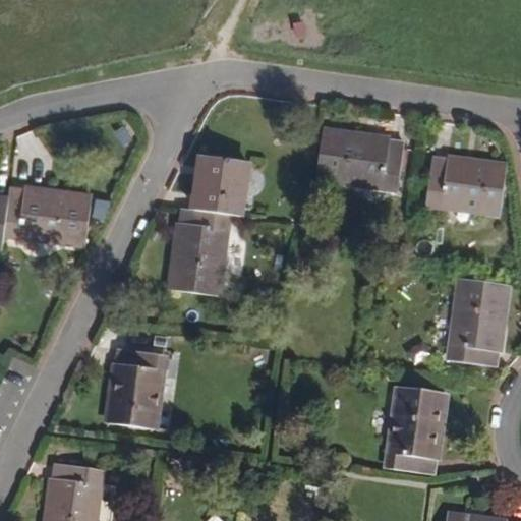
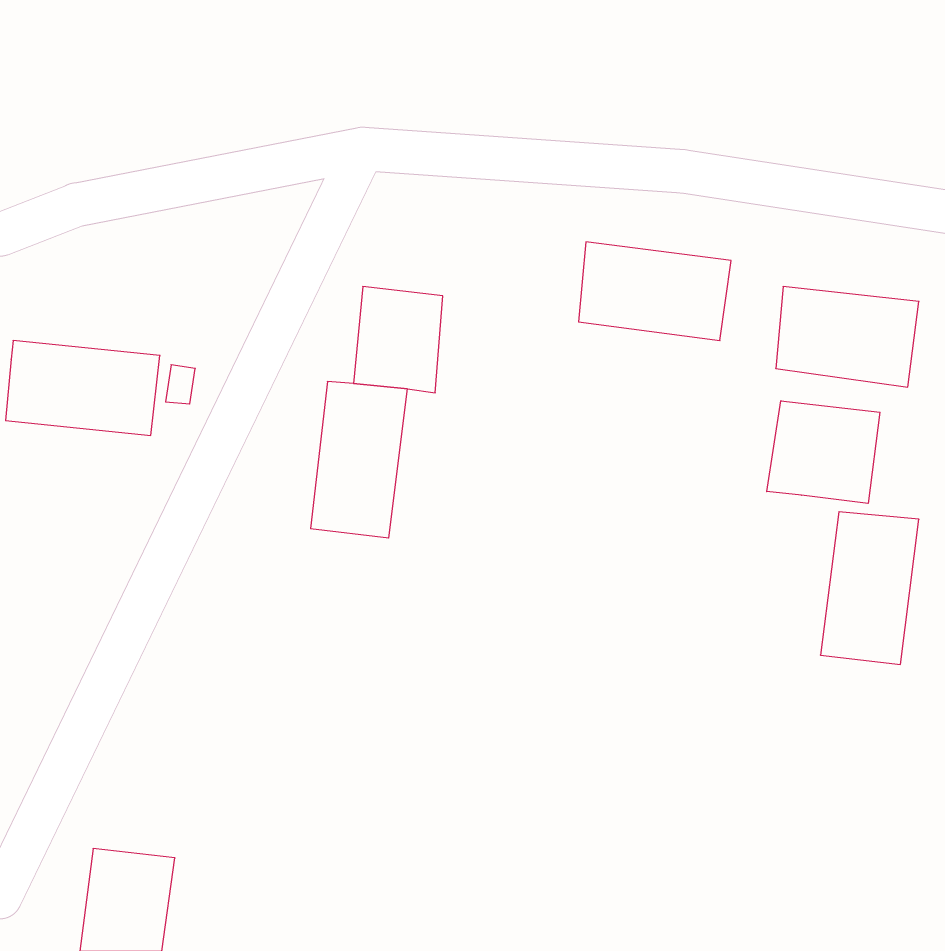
building: none -> [767,401,880,503]
building: [111,350,163,426] -> none
building: [390,389,444,472] -> none

